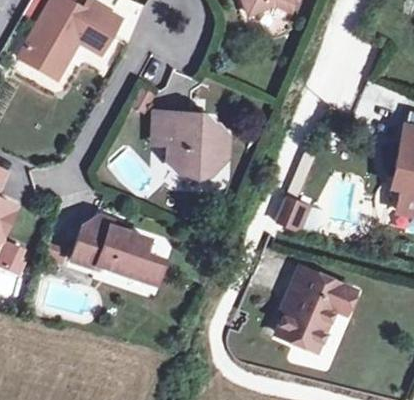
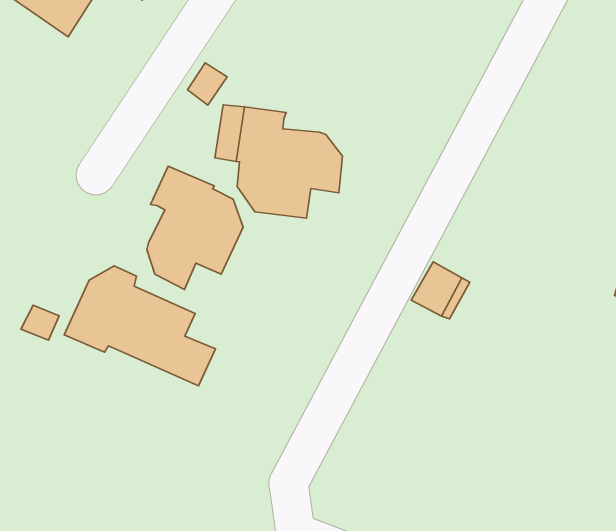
building: none -> [147,166,243,290]
building: [277,266,354,348] -> none

